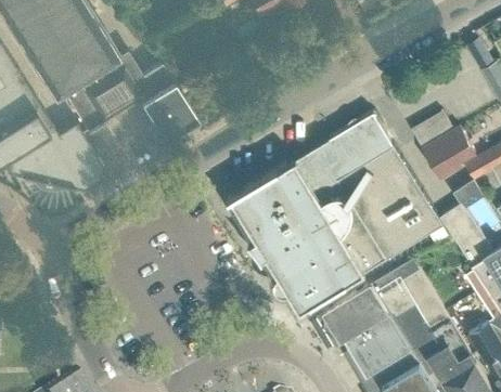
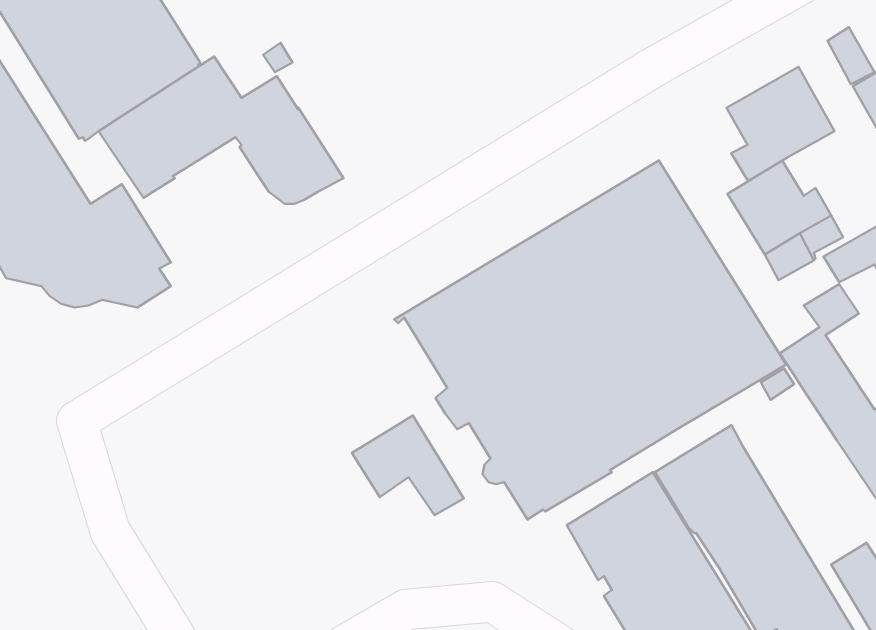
building: none -> [727,67,834,181]
building: none -> [352,416,464,515]

